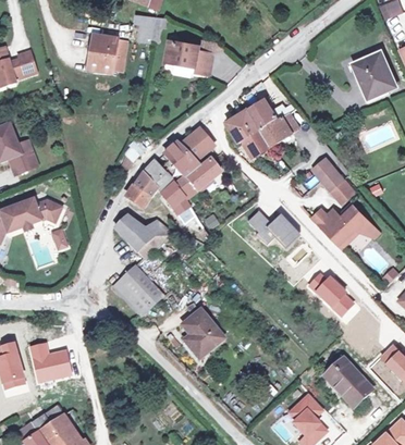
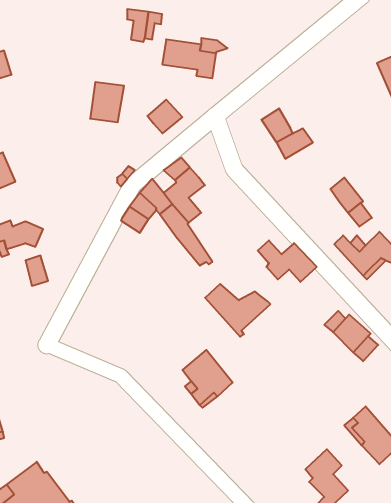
building: [89,30,119,65] -> [90,82,124,122]
building: [230,109,272,154] -> none
building: [184,129,214,159] -> [147,100,182,133]
building: [188,158,223,189] -> none
building: [118,215,174,261] -> [205,284,270,337]
building: [115,265,164,317] -> none
building: [29,343,74,384] -> none

